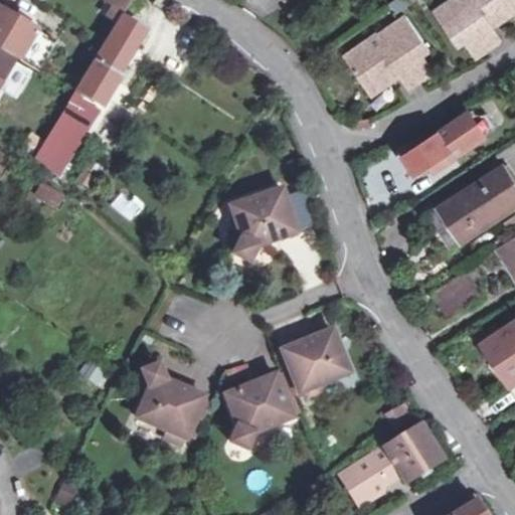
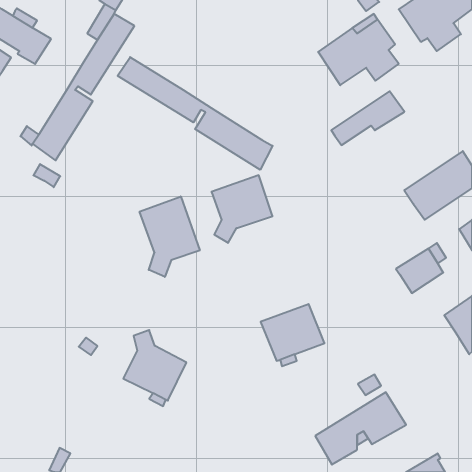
building: none -> [118,57,273,170]
building: [403,113,483,171] -> [331,91,404,145]
building: none -> [140,196,200,277]
building: [225,373,293,450] -> none

